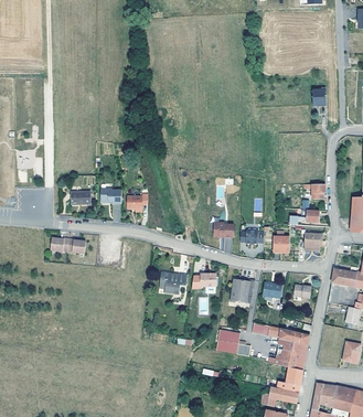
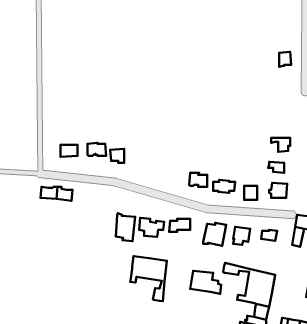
building: none -> [116,213,135,241]
building: none -> [130,256,167,301]

